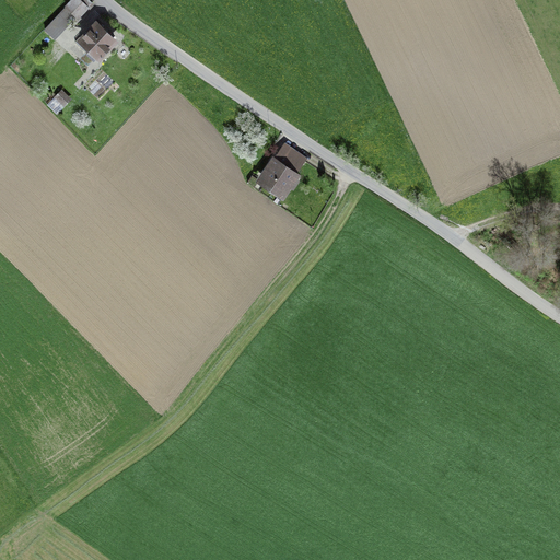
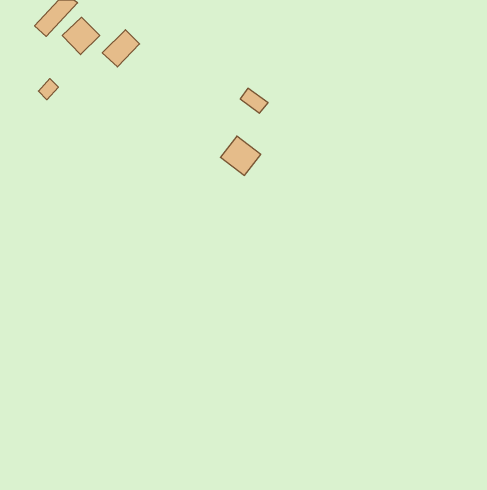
building: none -> [102,30,140,67]
building: [276,143,307,172] -> [240,88,268,113]

